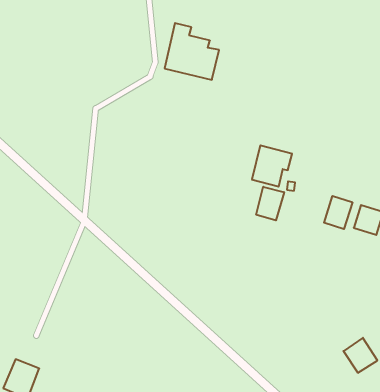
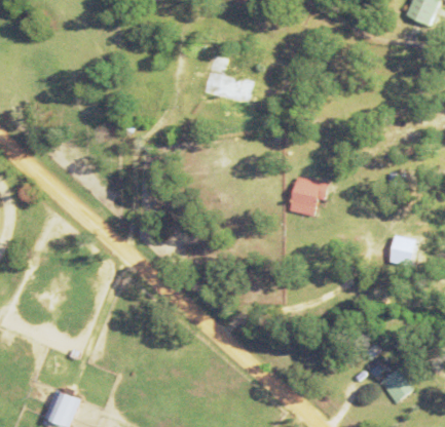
building: [256,187,284,220] -> none
building: [324,196,352,229] -> none

